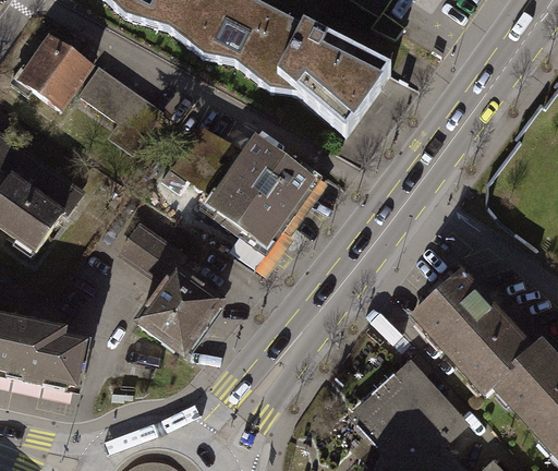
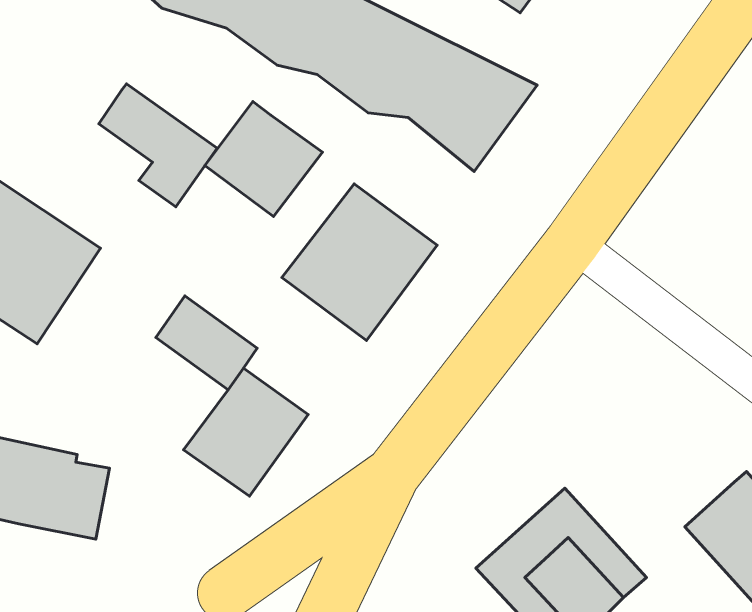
building: [17,38,94,114] -> none
building: none -> [205,102,323,217]
building: [413,269,527,387] -> none

